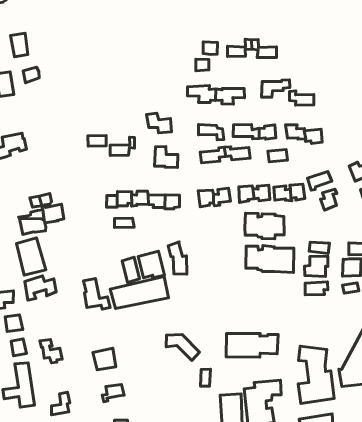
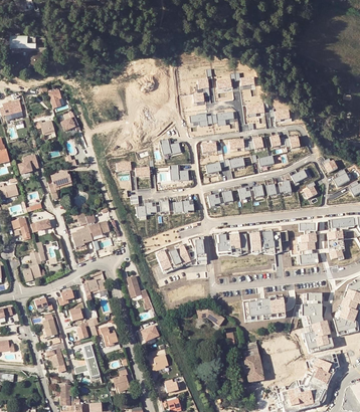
building: [245,213,284,239] -> [215,234,247,254]
building: [16,238,46,275] -> none
building: [110,277,169,309] -> none

